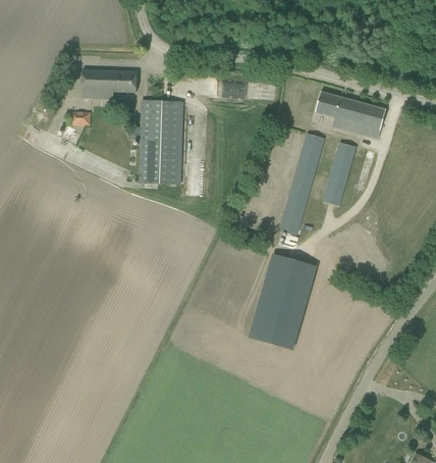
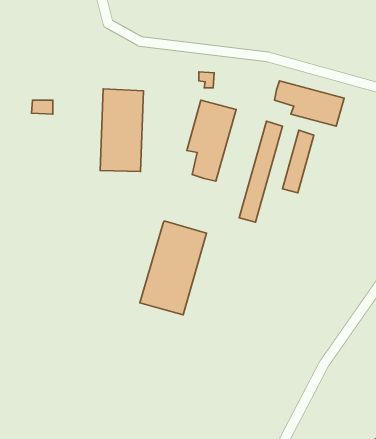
building: [80,69,137,99] -> none
building: none -> [187,100,236,181]
building: [249,254,316,349] -> [140,221,206,315]

